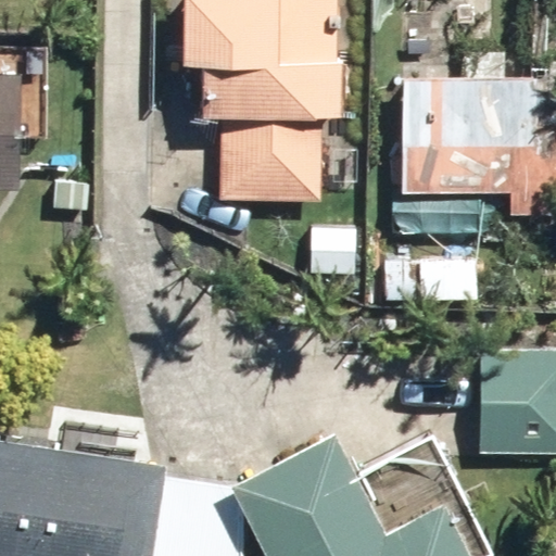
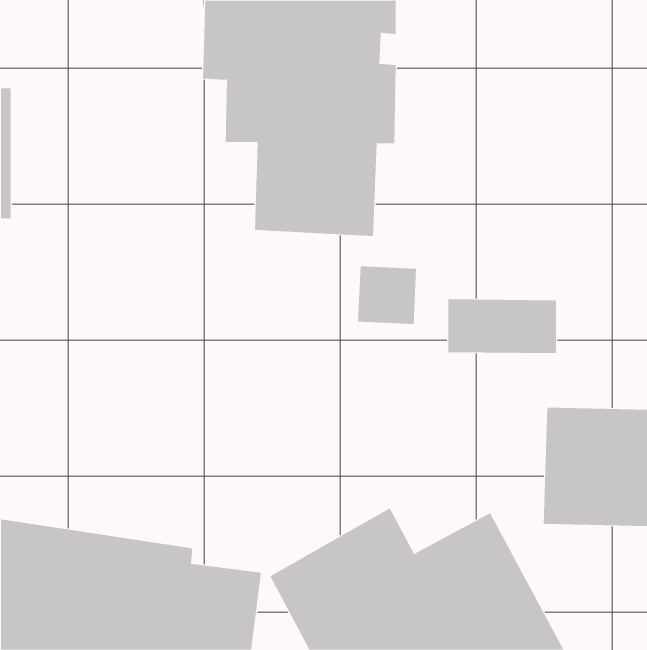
building: [401,51,538,193] -> none

